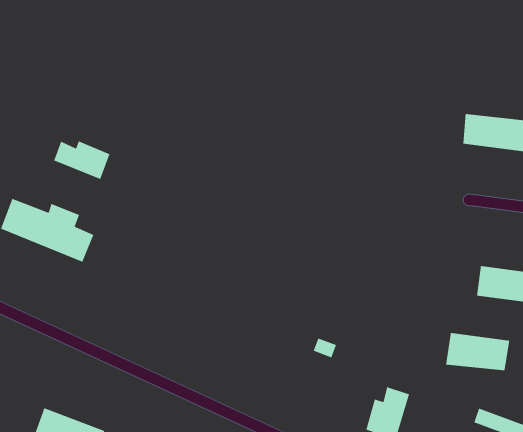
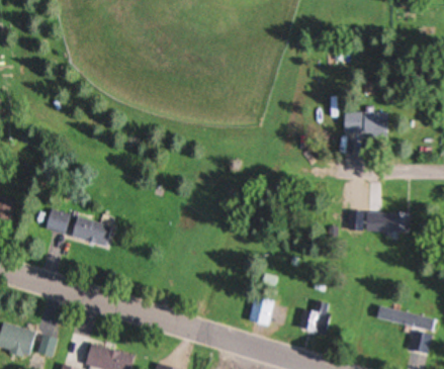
building: [54,140,110,180] -> none
building: [445,332,510,371] -> none
building: none -> [252,297,276,327]

